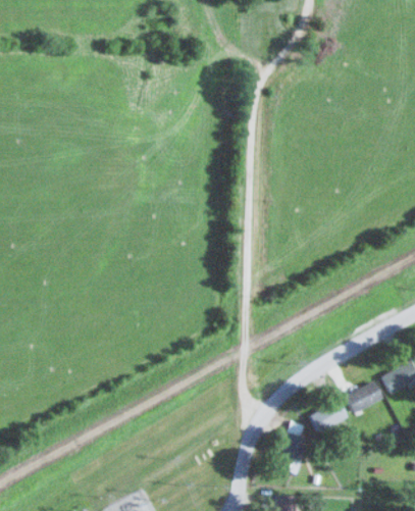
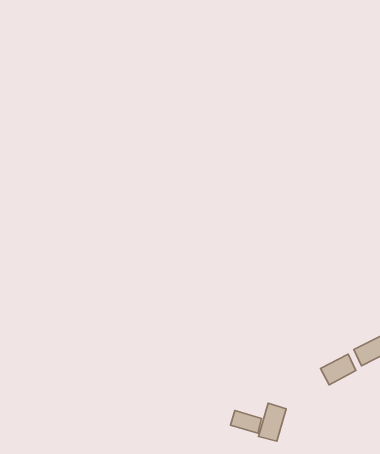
building: [311,402,348,433] -> none
building: none -> [231,411,261,433]

